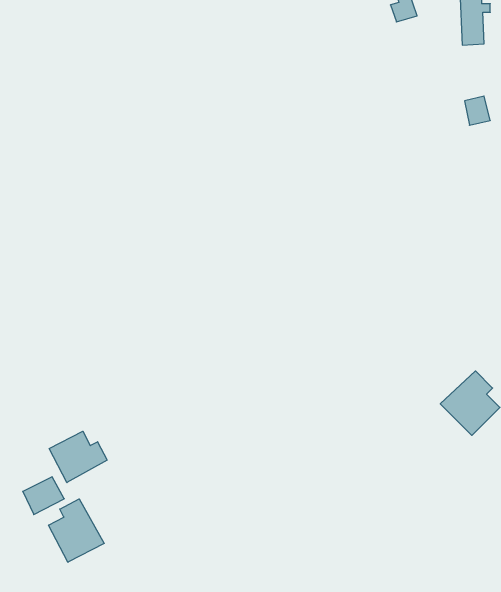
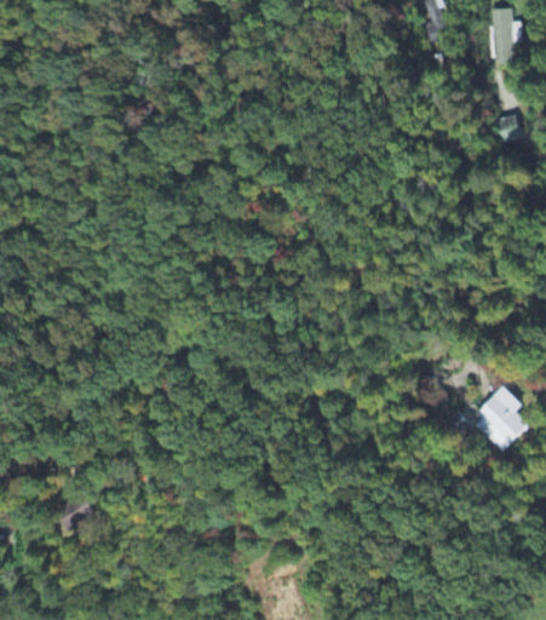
building: [49,431,107,483] -> none
building: [49,499,104,562] -> none

